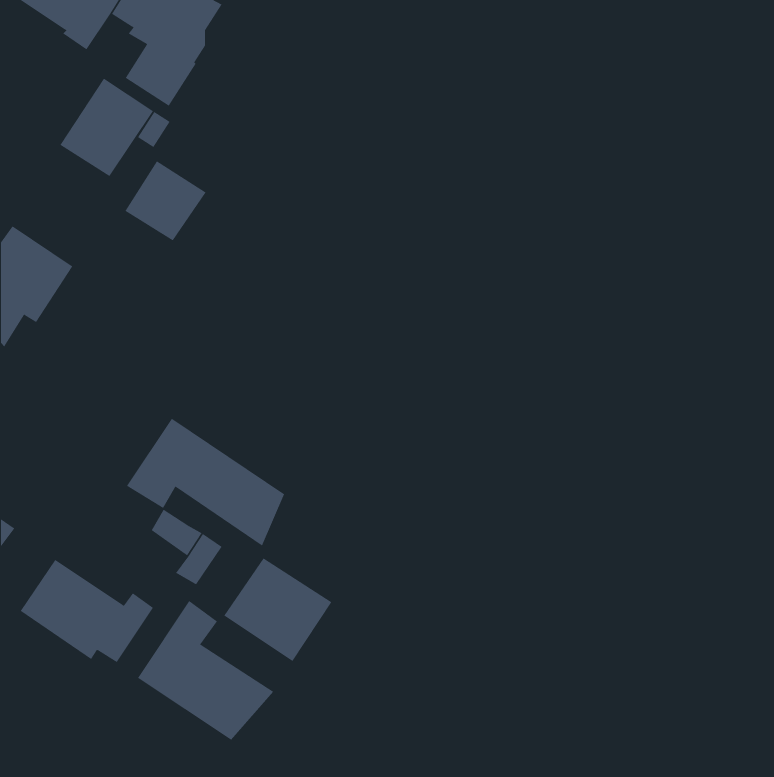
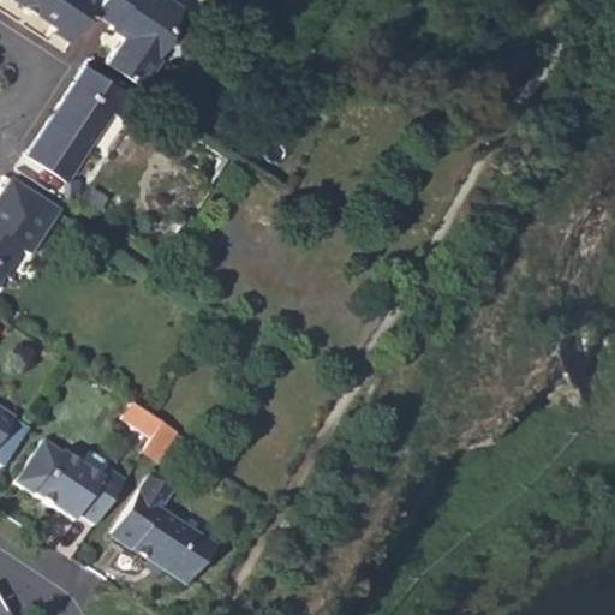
building: [124,160,207,241] -> [25,114,90,178]
building: [126,418,285,546] -> none
building: [223,557,332,662] -> none

